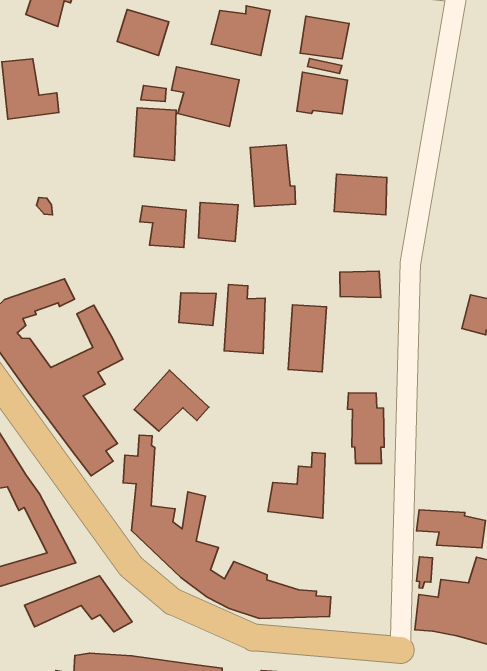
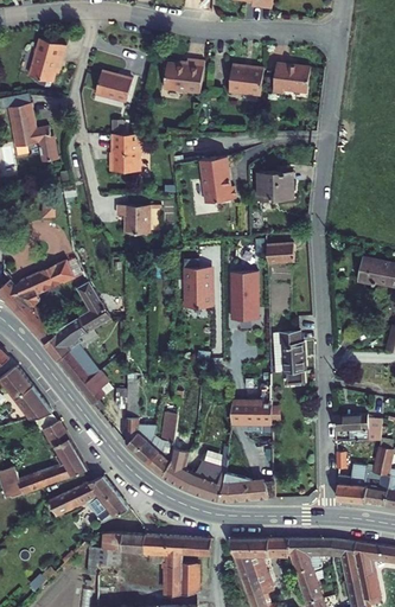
building: [172,67,239,126] -> none
building: [297,72,348,114] -> [273,59,308,89]
building: [199,202,238,242] -> none
building: [179,293,216,326] -> none
building: [134,370,209,431] -> none

